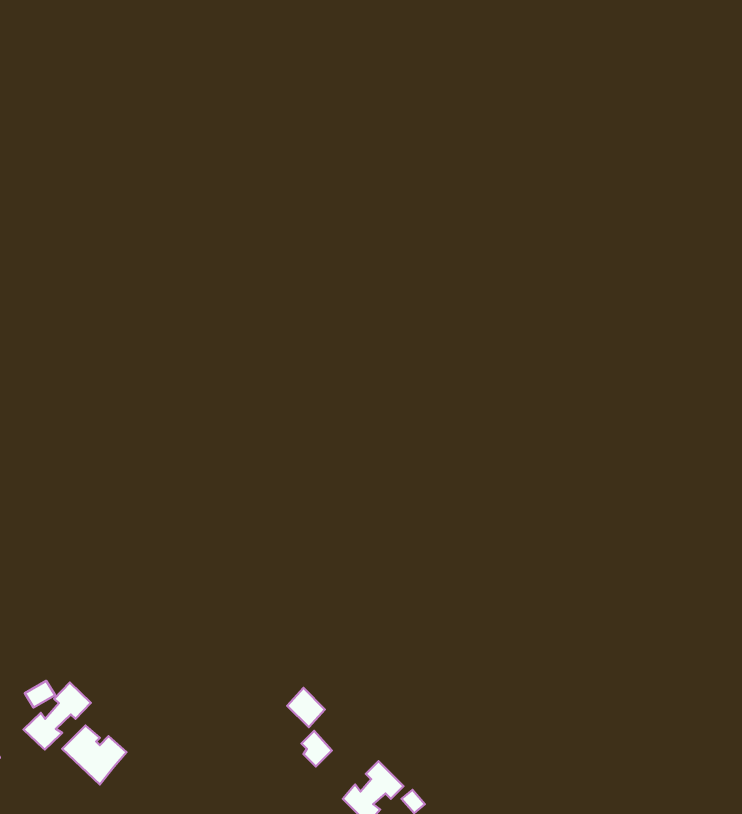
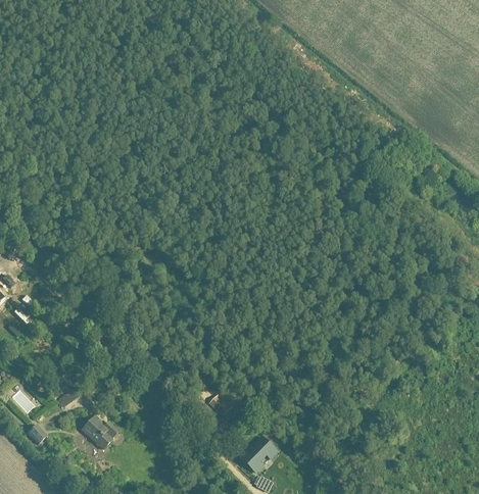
building: [24,683,91,750] -> none

